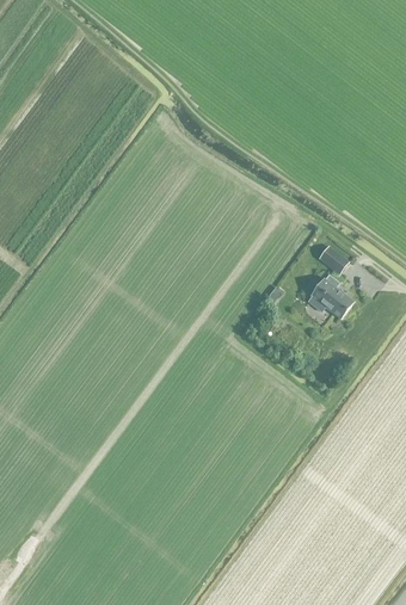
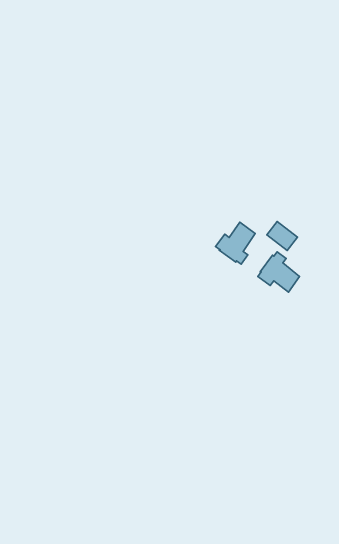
building: none -> [216,222,255,264]

